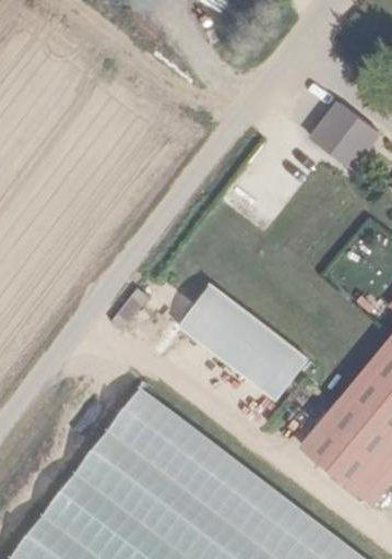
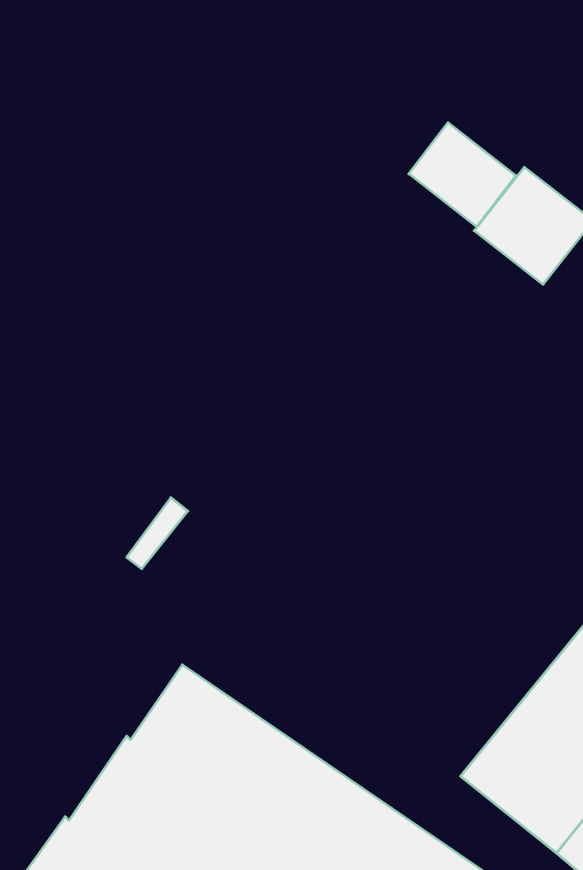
building: none -> [409,123,516,227]
building: [176,287,306,403] -> none

